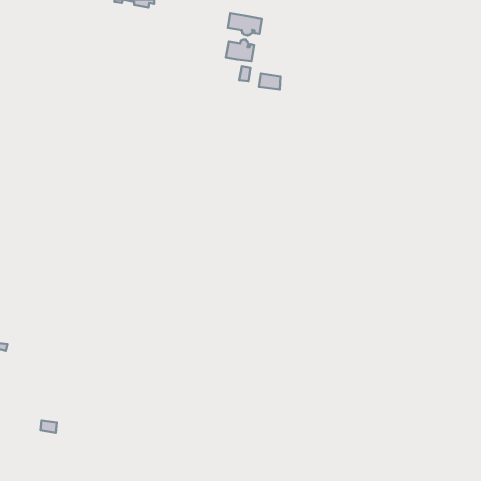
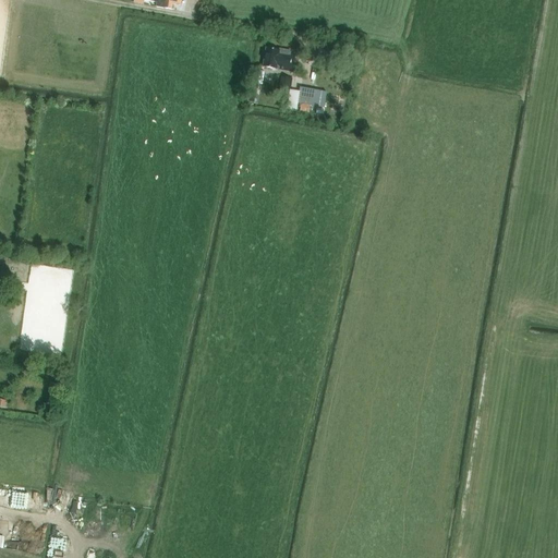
building: [228,13,262,36] -> none

